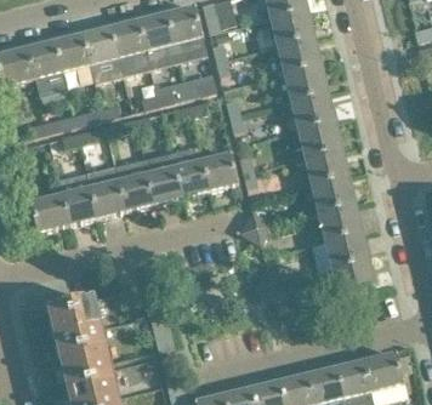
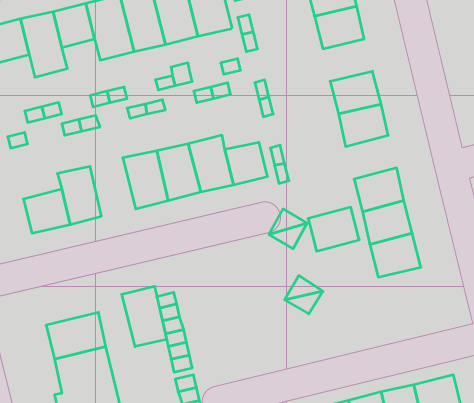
building: [285,64,328,101] -> none
building: [305,147,348,184] -> [308,207,359,251]
building: [86,166,125,216] -> none
building: [332,259,376,296] -> none
building: none -> [122,286,167,347]

